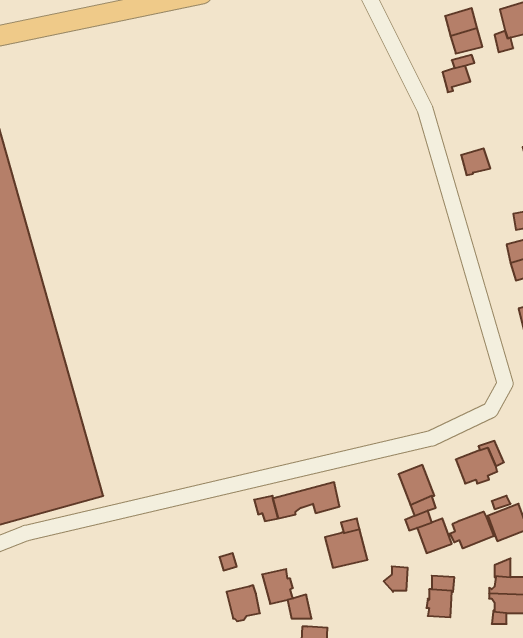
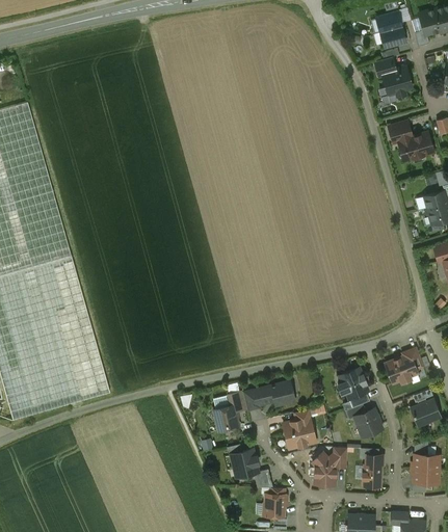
building: none -> [381,66,412,97]
building: none -> [398,132,432,160]
building: [450,512,494,548] -> none
building: none -> [312,452,336,484]
building: [226,585,260,621] -> [213,405,239,433]

